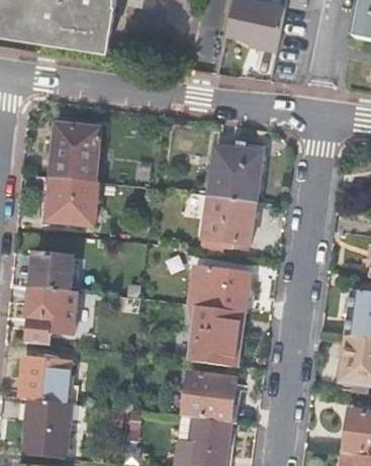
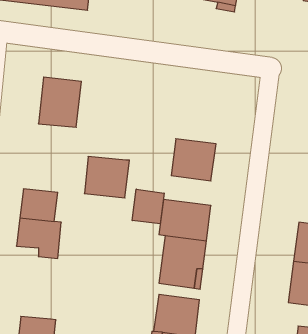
building: [208,148,262,202] -> none
building: [47,179,98,226] -> [84,157,129,198]
building: none -> [132,189,164,224]
building: [19,358,70,403] -> none

